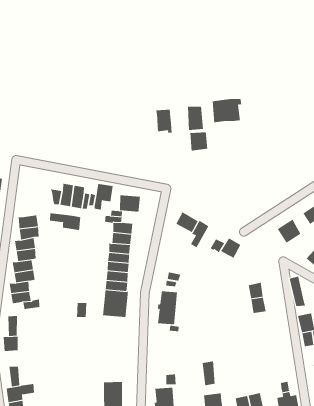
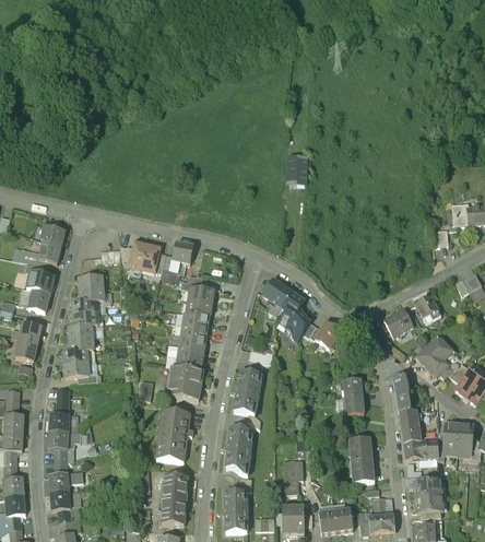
building: [212,98,242,123] -> none
building: [156,109,172,134] -> none
building: [190,131,208,152] -> none
building: [120,194,140,212] -> none
building: [50,212,81,231] -> none
building: none -> [156,415,192,466]
building: none -> [347,436,375,482]
building: none -> [226,433,251,475]
building: none -> [49,436,81,455]

